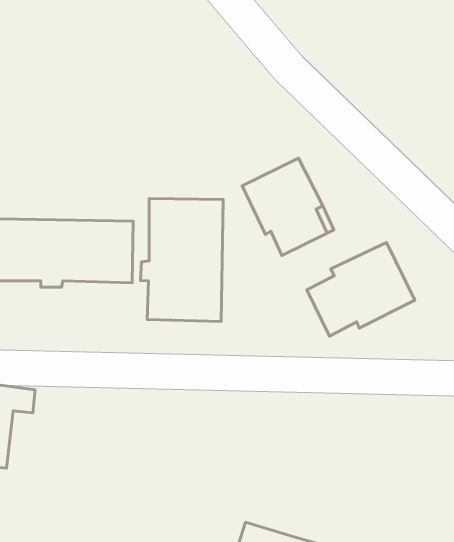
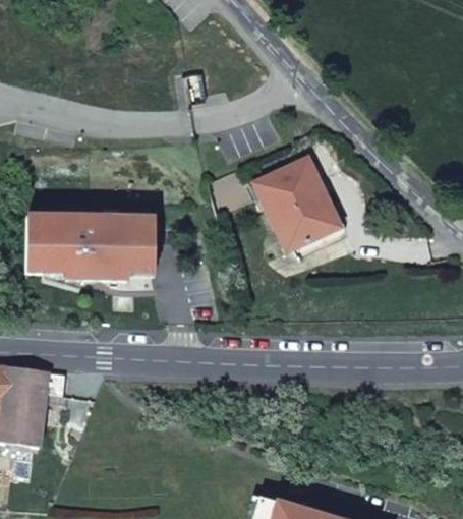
building: [141,198,223,322] -> none
building: [307,243,415,336] -> none

